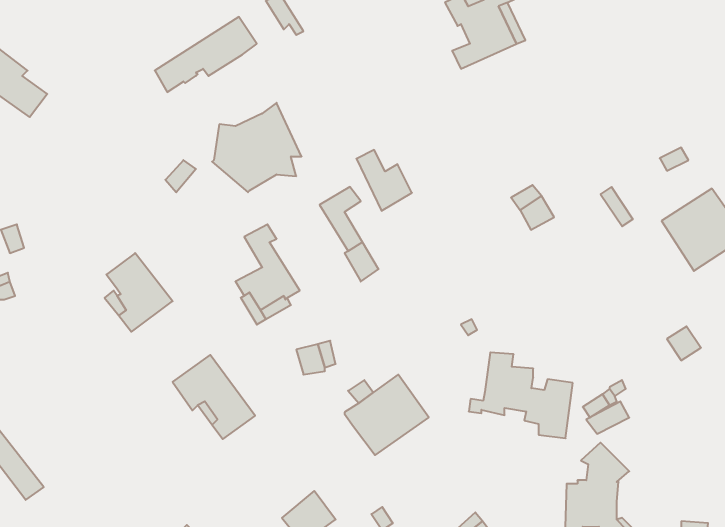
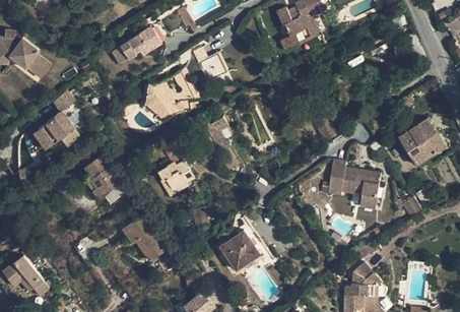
building: none -> [32,91,81,149]
building: [356,150,412,211] -> [193,48,224,82]
building: [469,352,573,438] -> [321,161,380,209]

